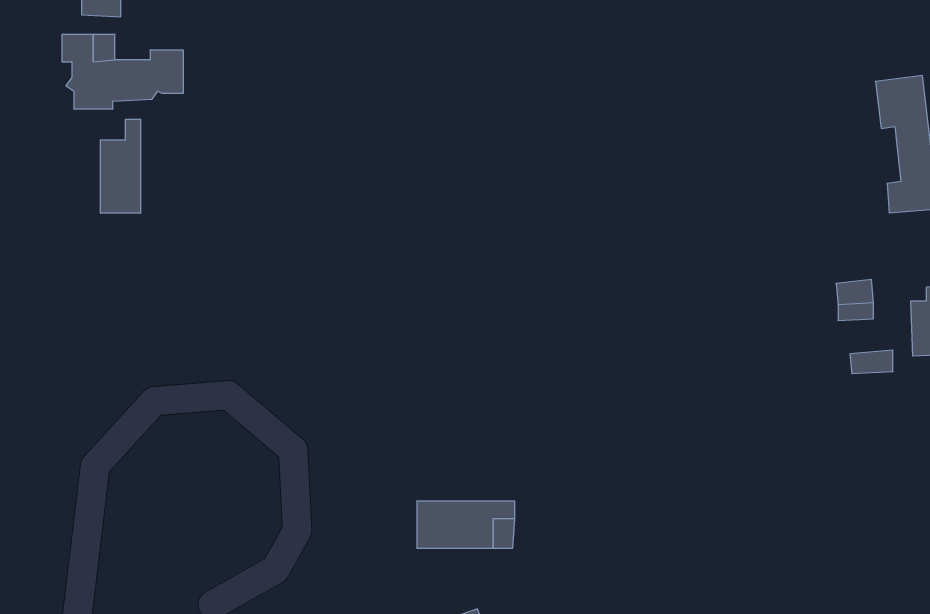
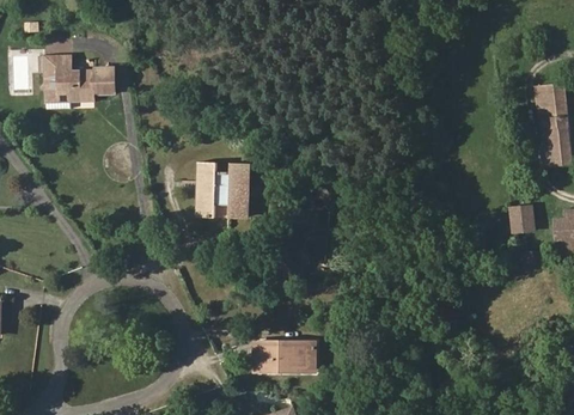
building: [100,119,141,213] -> none
building: none -> [196,163,248,216]

